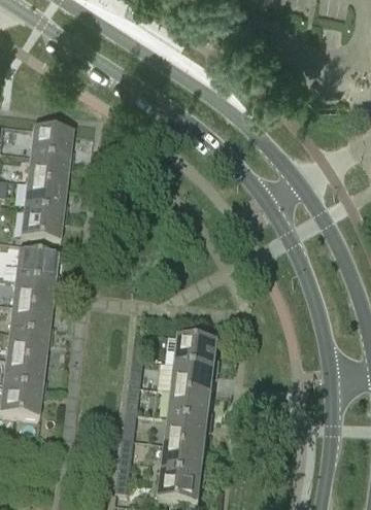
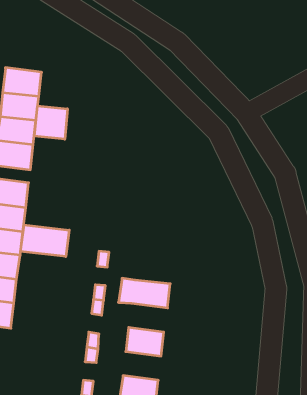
building: none -> [34,106,67,139]
building: none -> [21,225,69,257]
building: [177,334,220,366] -> none
building: [170,387,213,419] -> none
building: [164,441,206,473] -> none

